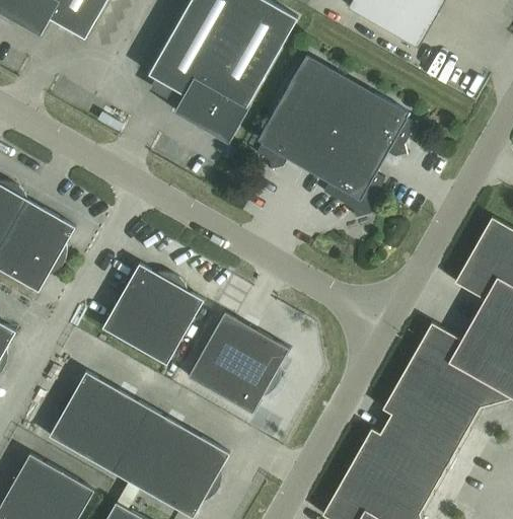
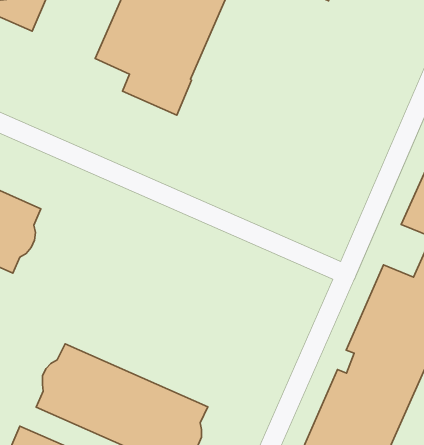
building: [255,55,417,218] -> none
building: [102,264,204,365] -> none
building: [188,312,289,414] -> none

